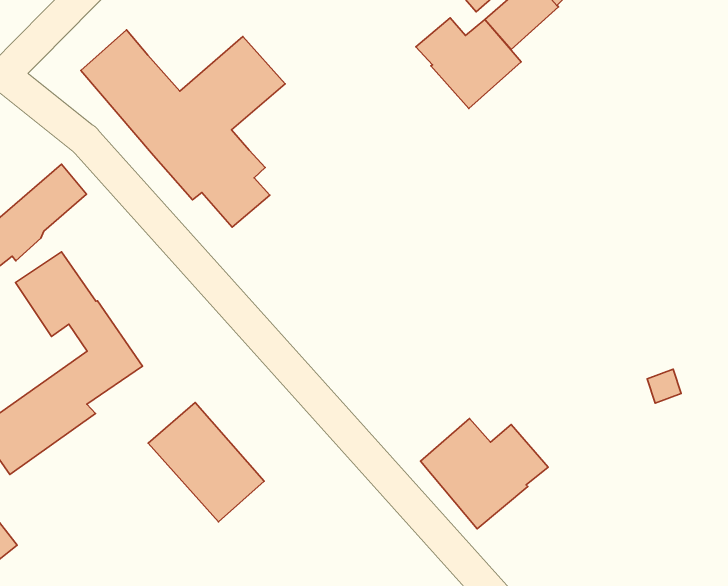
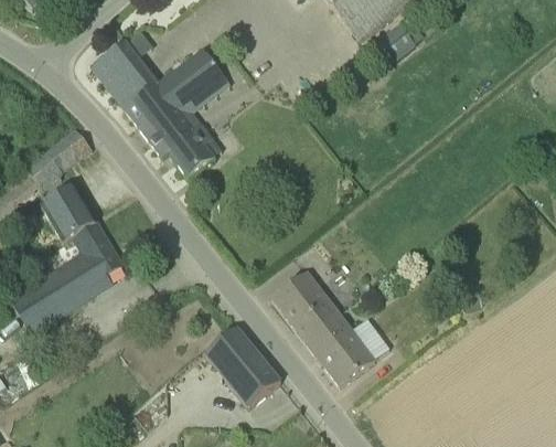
building: [416,18,521,109] -> none
building: none -> [271,270,339,339]
building: [148,402,264,522] -> [204,326,280,406]

